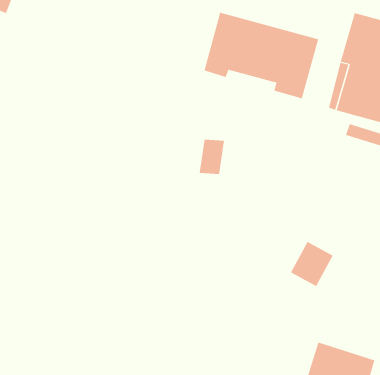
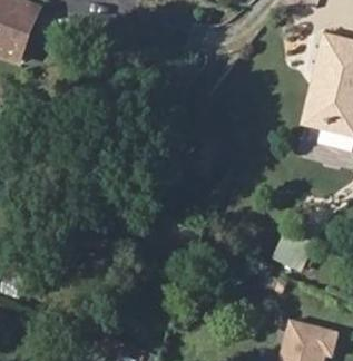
building: [204,12,319,99] -> none

